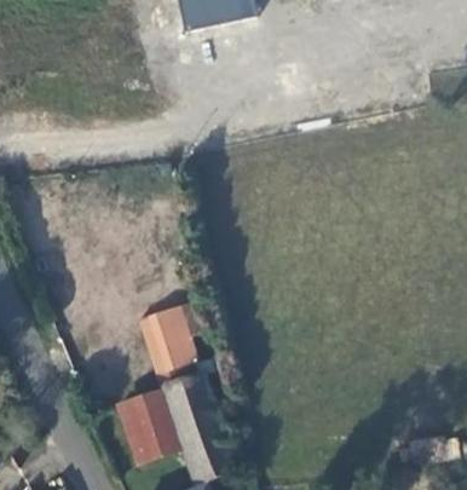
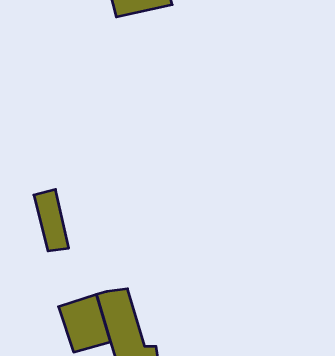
building: [155,304,200,382] -> [34,189,69,251]

